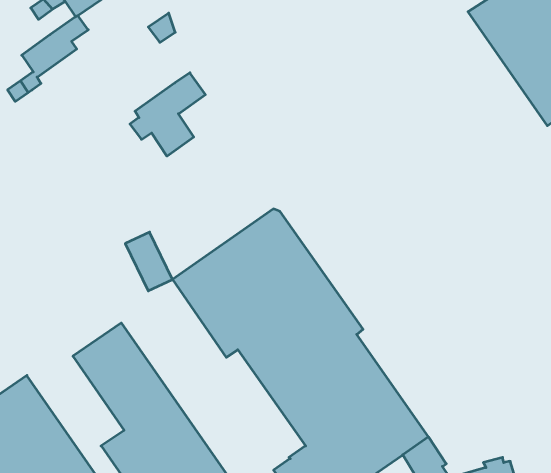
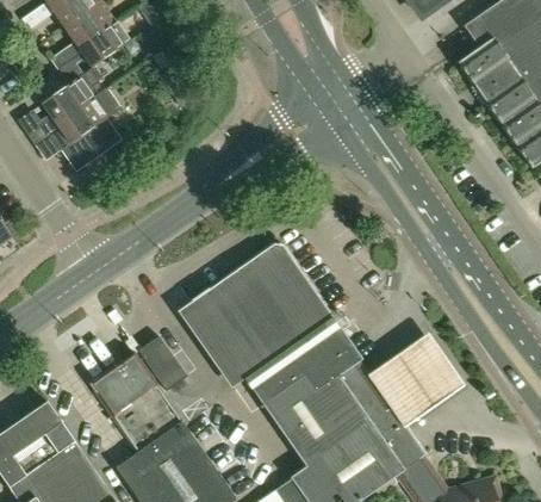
building: [130,73,205,156] -> [51,87,122,165]
building: [125,232,173,291] -> [144,340,188,395]
building: none -> [374,330,467,421]

